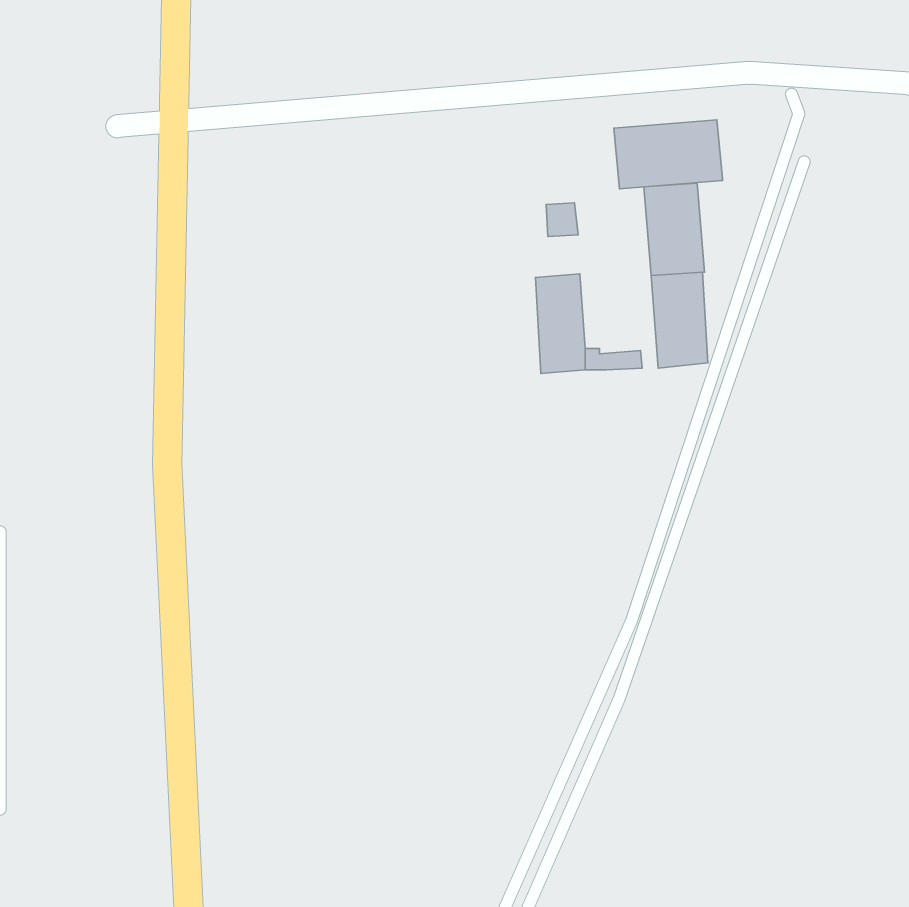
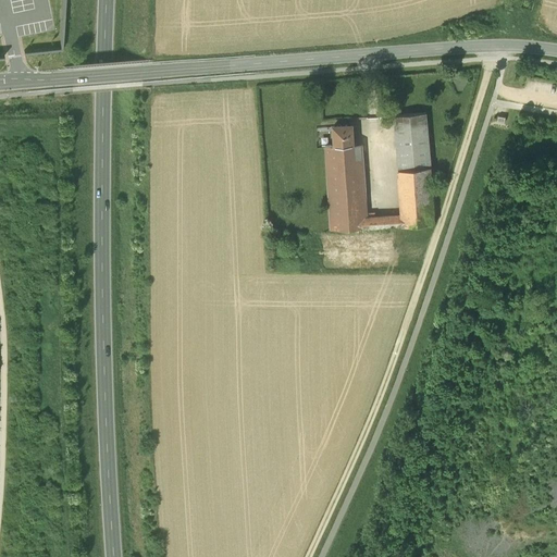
building: [614,120,723,189] -> none
building: none -> [325,144,355,170]

